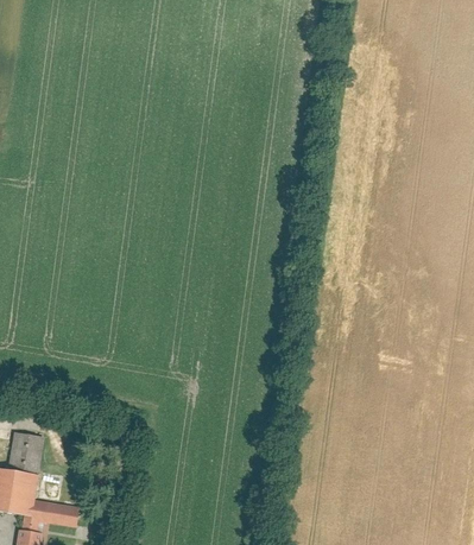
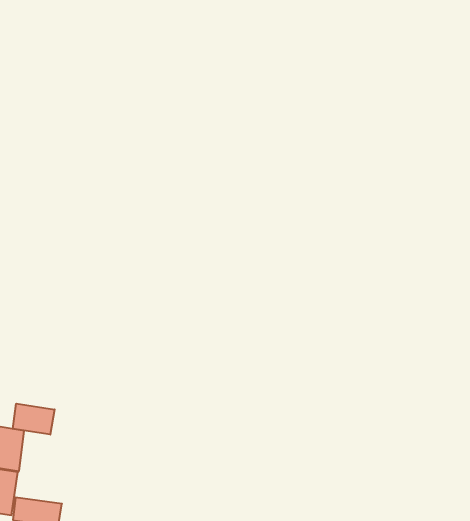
building: none -> [13,404,55,435]

